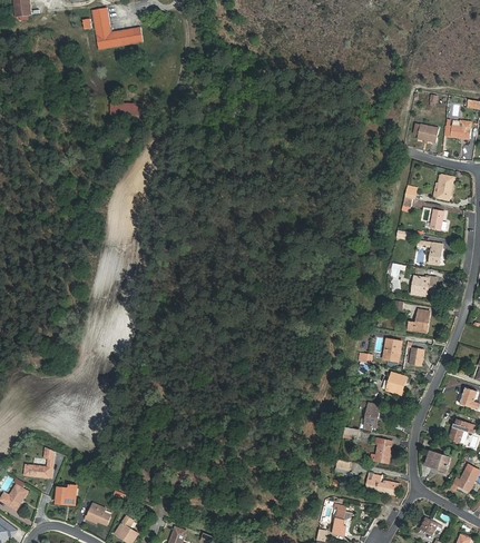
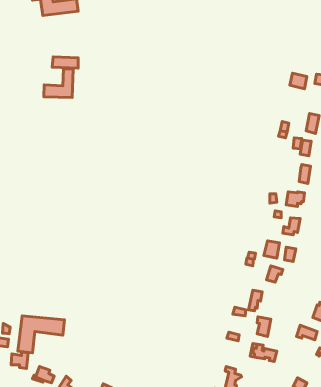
building: none -> [44,69,73,97]
building: none -> [18,316,64,353]

